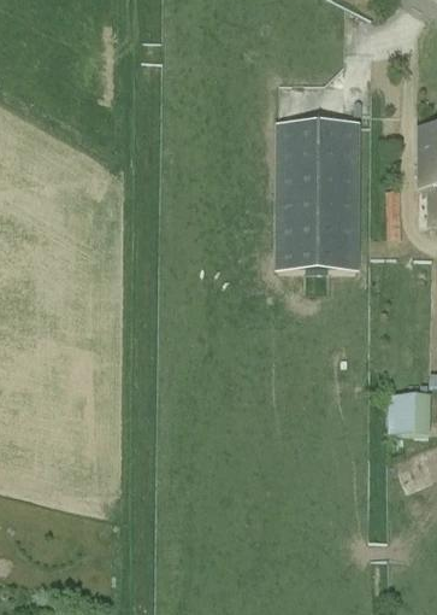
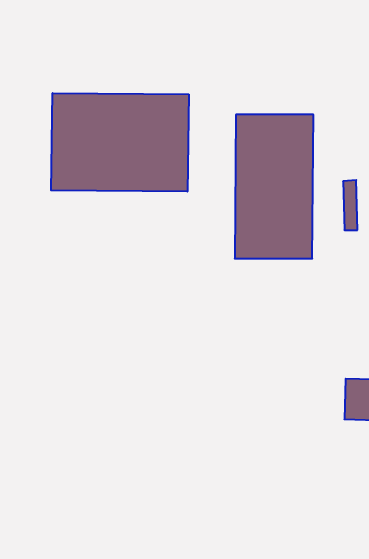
building: none -> [51,93,189,192]

